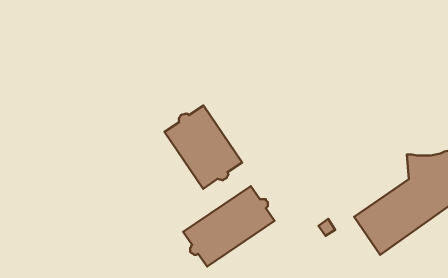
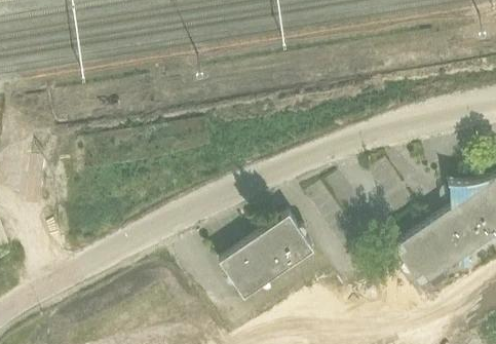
building: [164,106,242,189] -> none

